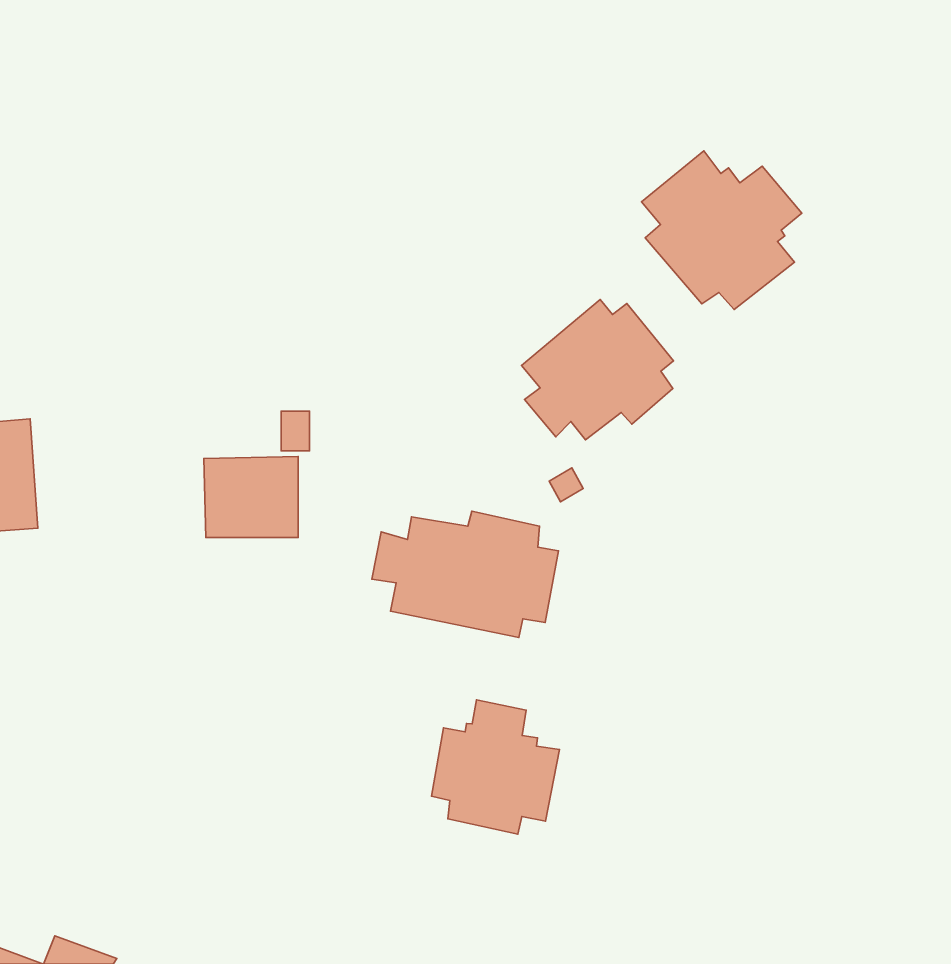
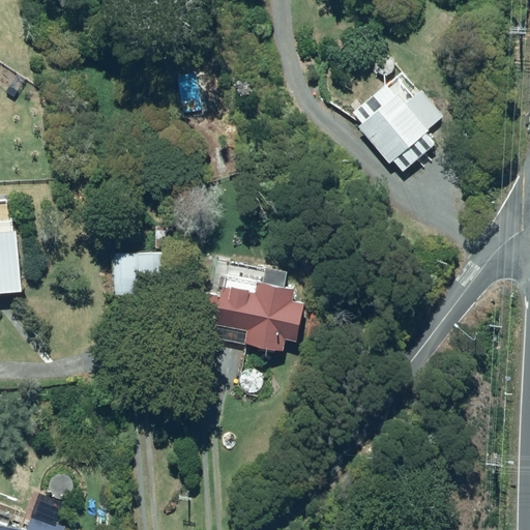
building: [522,299,674,440] -> none
building: [432,700,559,834] -> none

